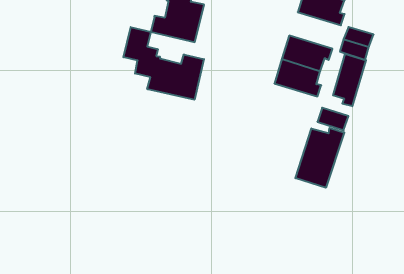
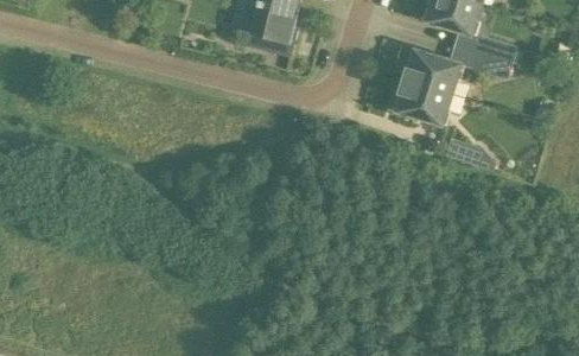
building: [123,27,204,100] -> none
building: [333,54,366,106] -> none
building: [295,128,344,188] -> none

